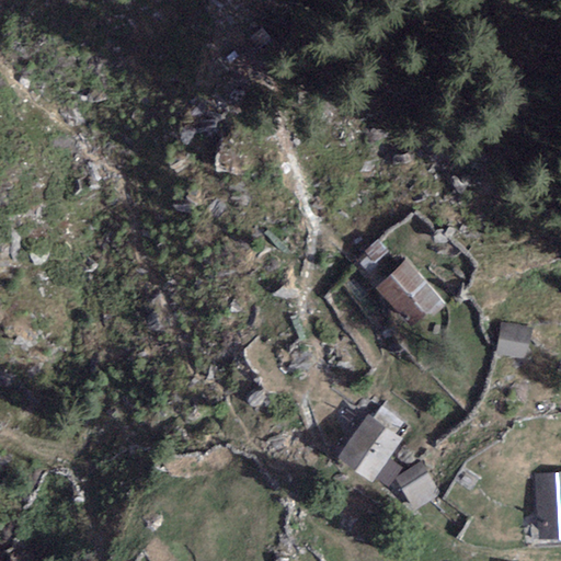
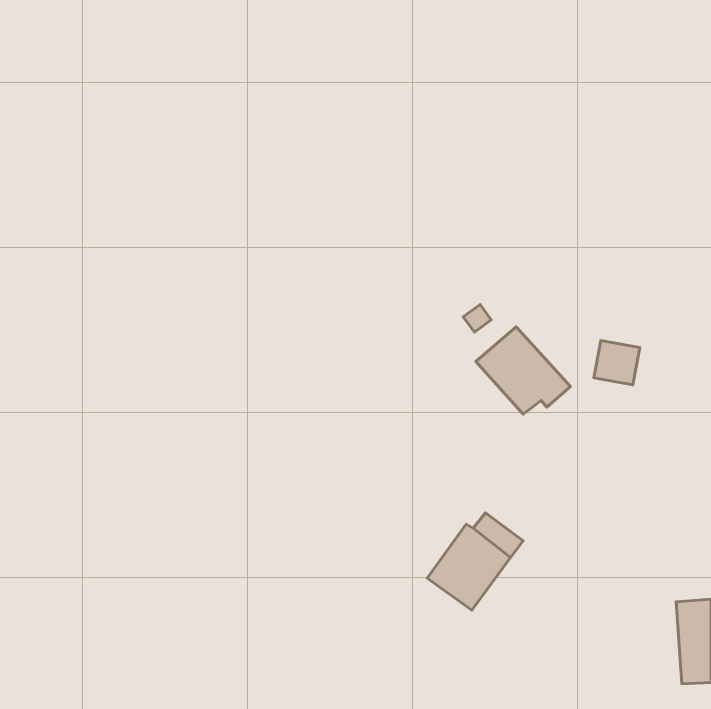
building: [495,322,531,357] -> [594,340,640,385]
building: [396,462,438,508] -> none

